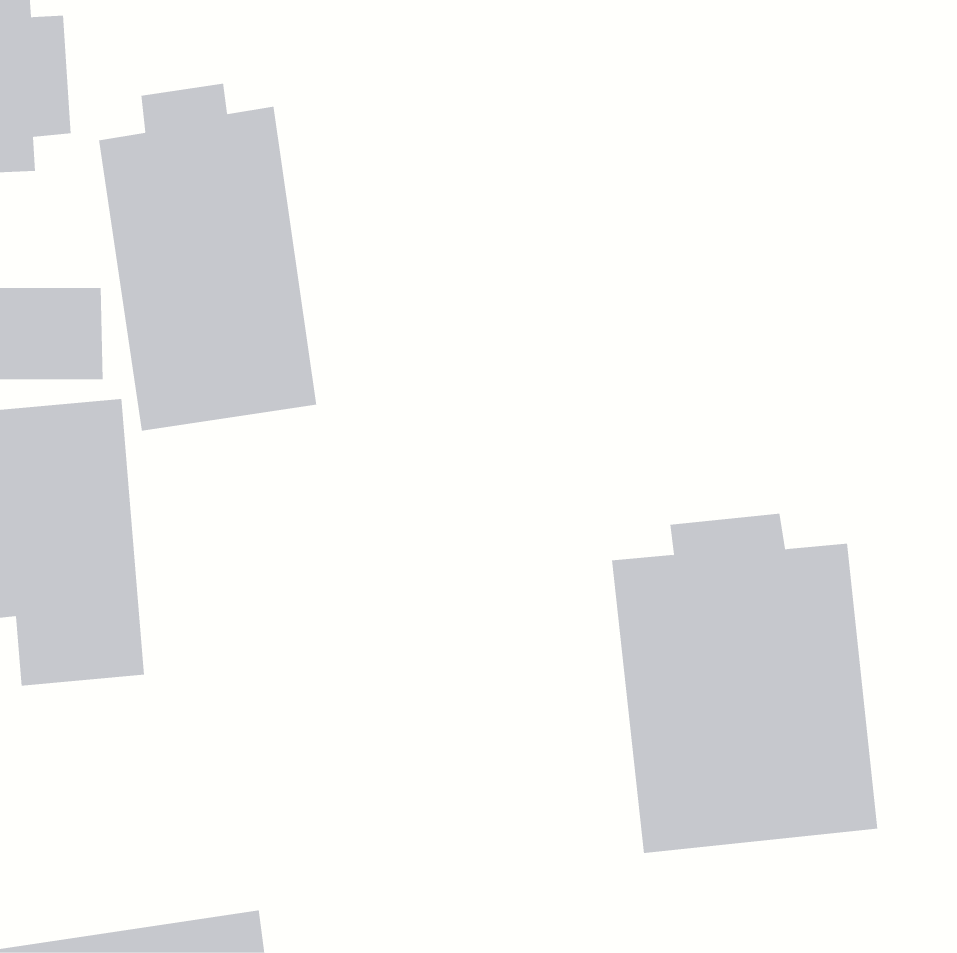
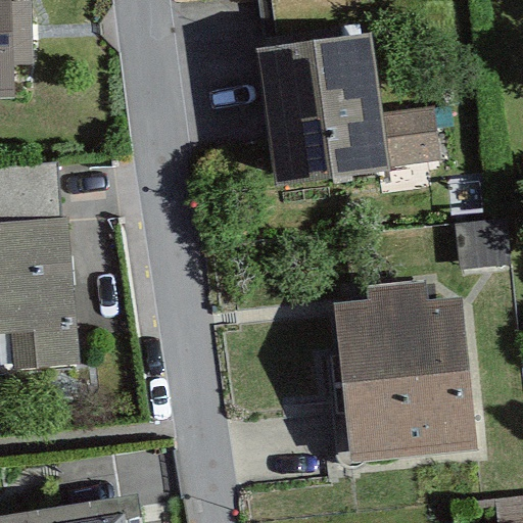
building: none -> [253,34,441,189]
building: [99,83,317,431] -> none

